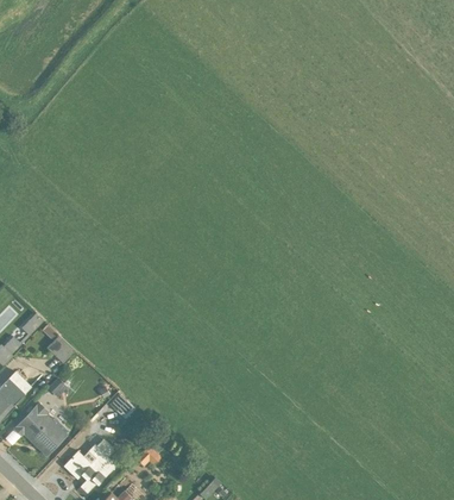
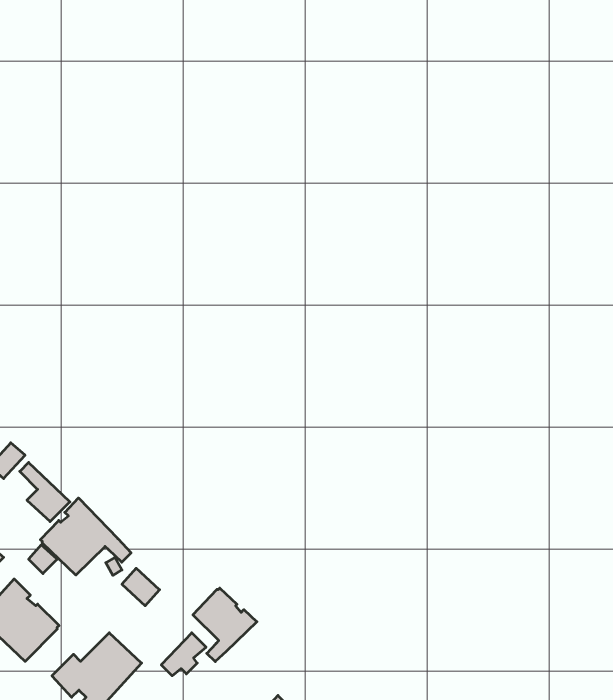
building: none -> [40,498,131,575]
building: none -> [193,588,257,662]

